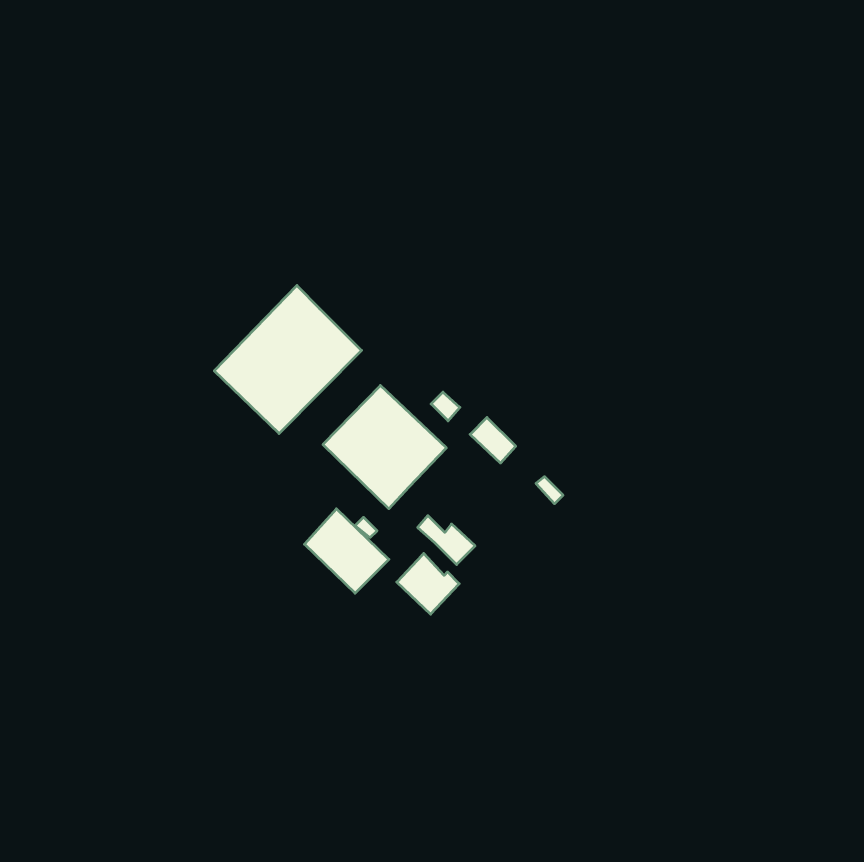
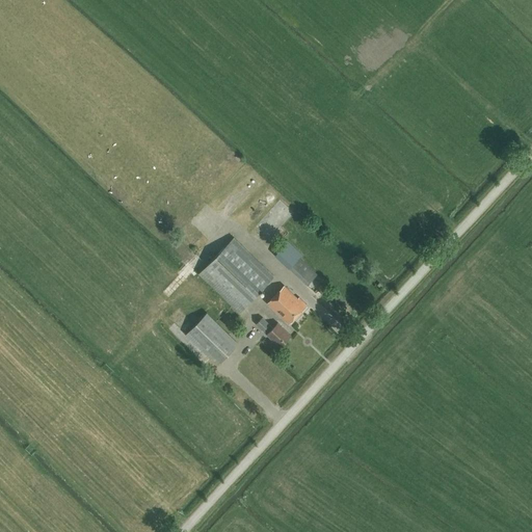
building: [214,285,362,434] -> none
building: [397,553,459,614] -> [268,287,307,324]

